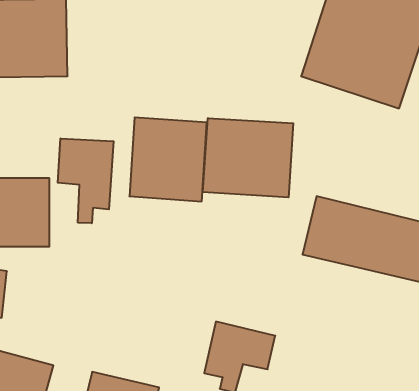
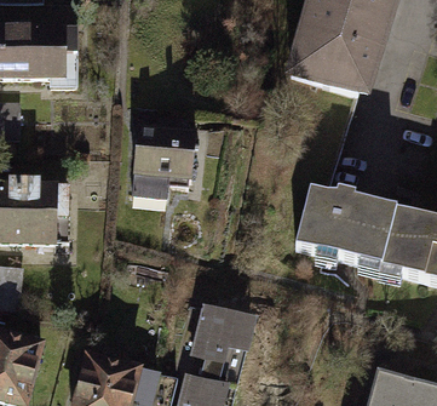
building: [203,118,293,197] -> none
building: [58,138,114,223] -> none

